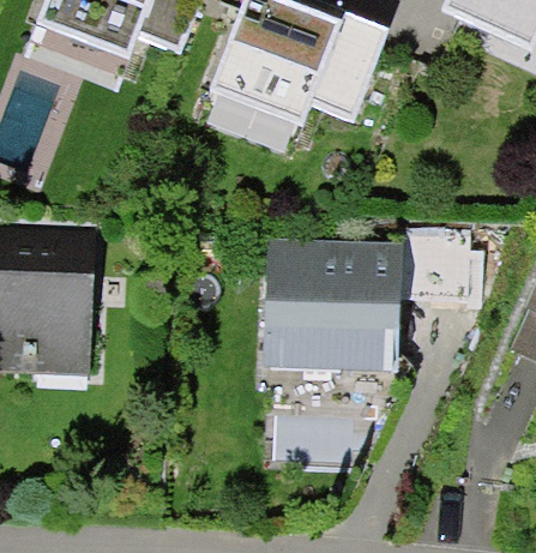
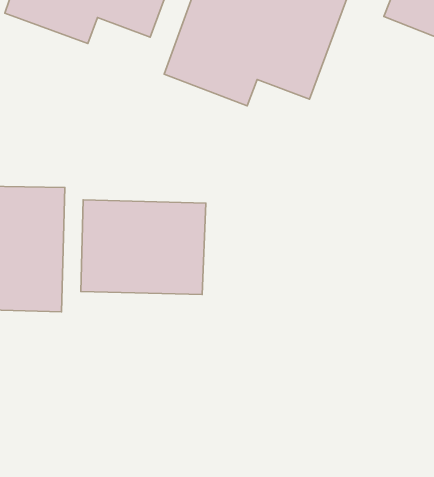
building: [258,240,409,366] -> none
building: none -> [81,200,206,295]

